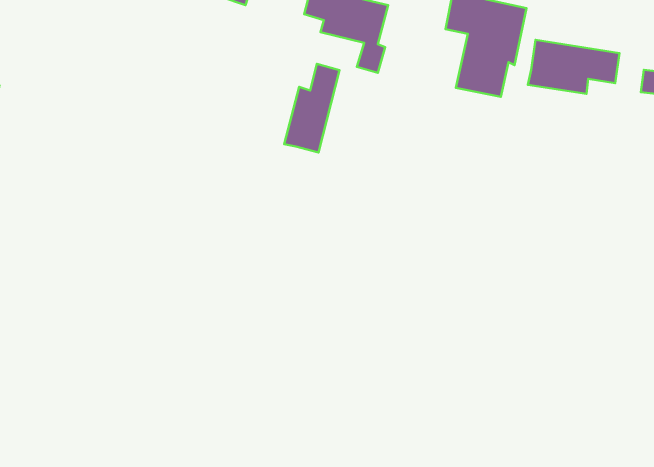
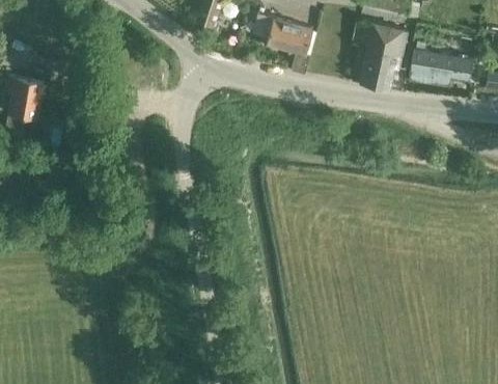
building: [284,64,339,153] -> none

